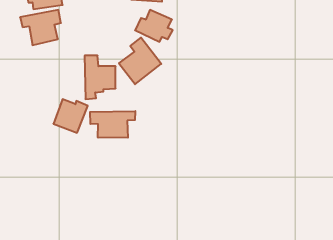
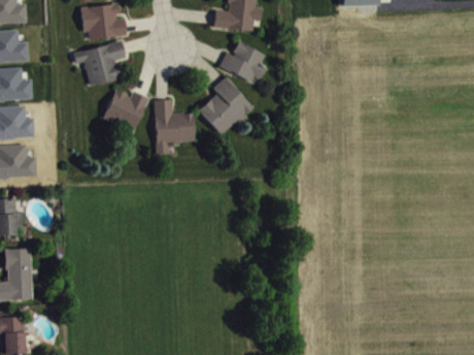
building: [53,99,88,133] -> [104,90,147,132]
building: [90,111,135,138] -> none

